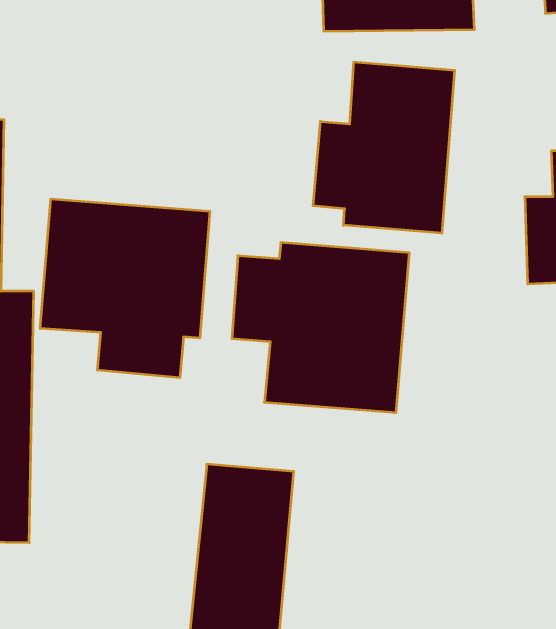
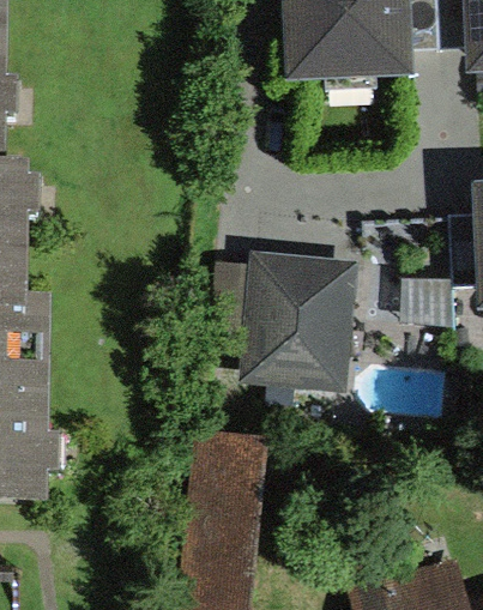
building: [313,62,455,233] -> none
building: [40,199,210,378] -> none

